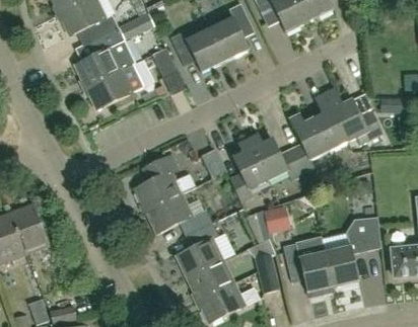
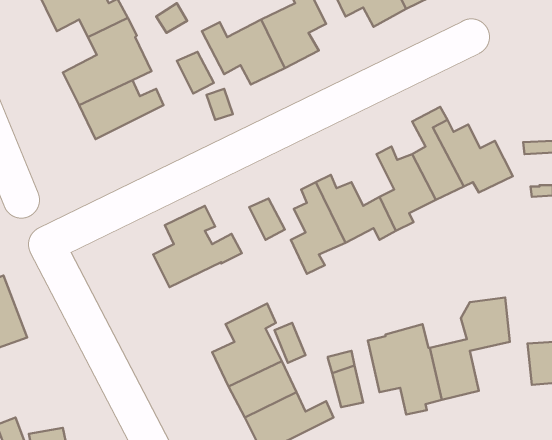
building: [146,192,213,235] -> none
building: [262,207,289,233] -> none

